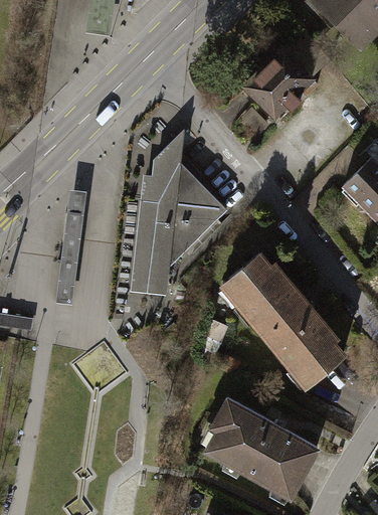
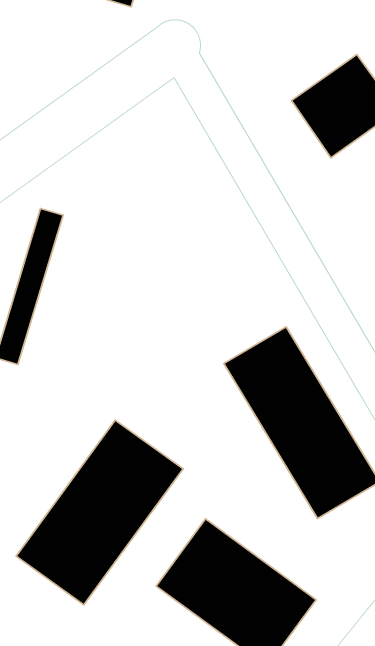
building: [131,136,227,298] -> none
building: none -> [16,420,183,605]

